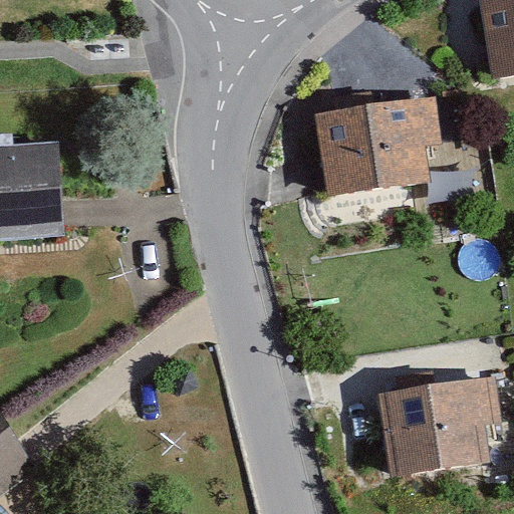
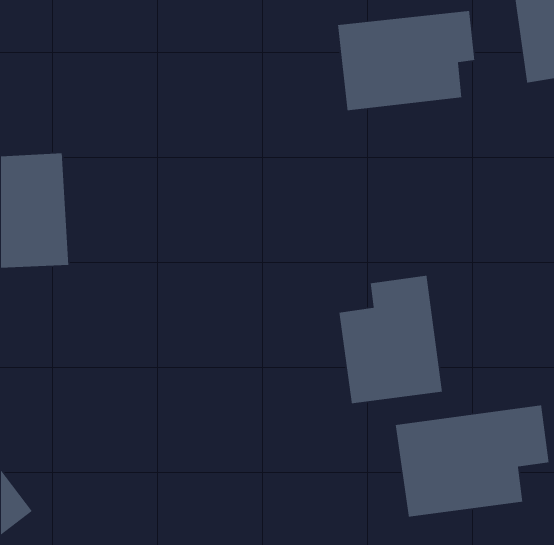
building: [315,102,442,195] -> [337,10,475,111]
building: none -> [339,275,443,404]

